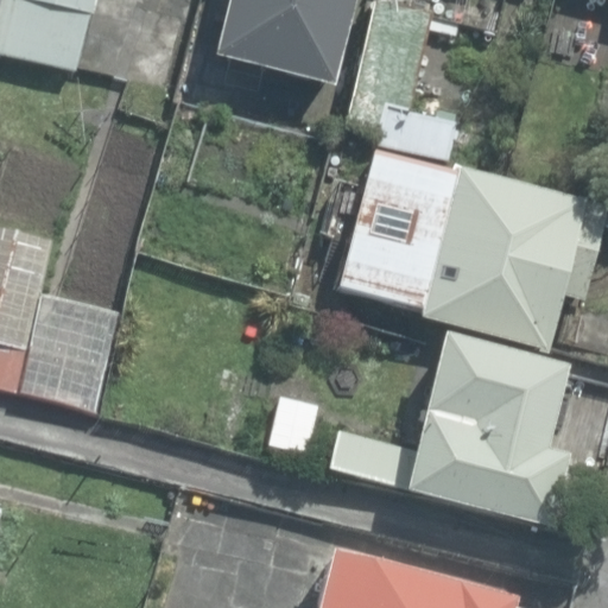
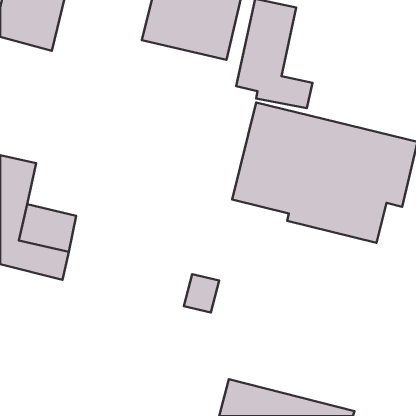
building: [330,336,569,526] -> none

